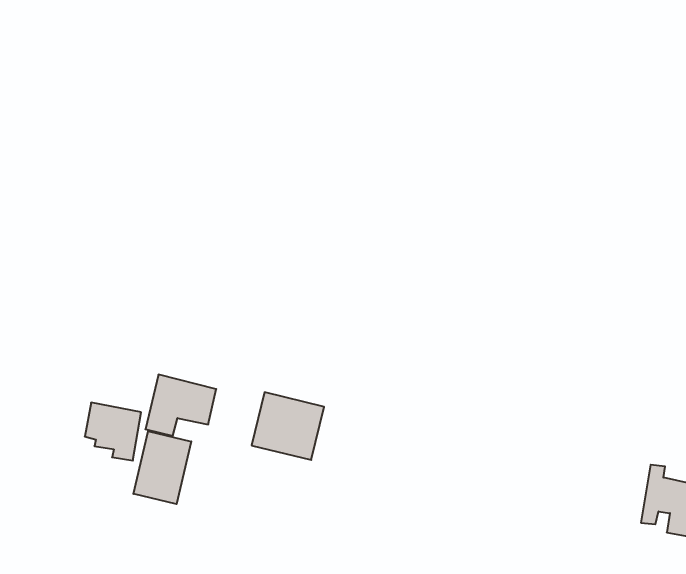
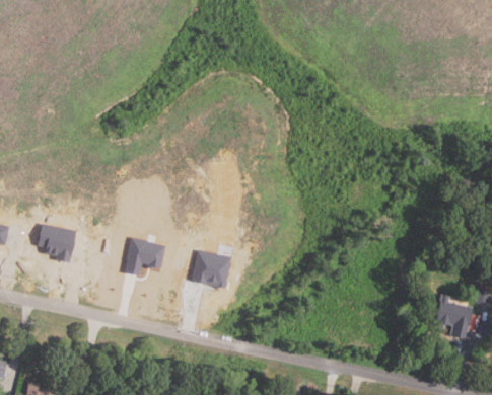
building: [85,403,141,461] -> [37,225,72,261]
building: [133,431,191,504] -> none

